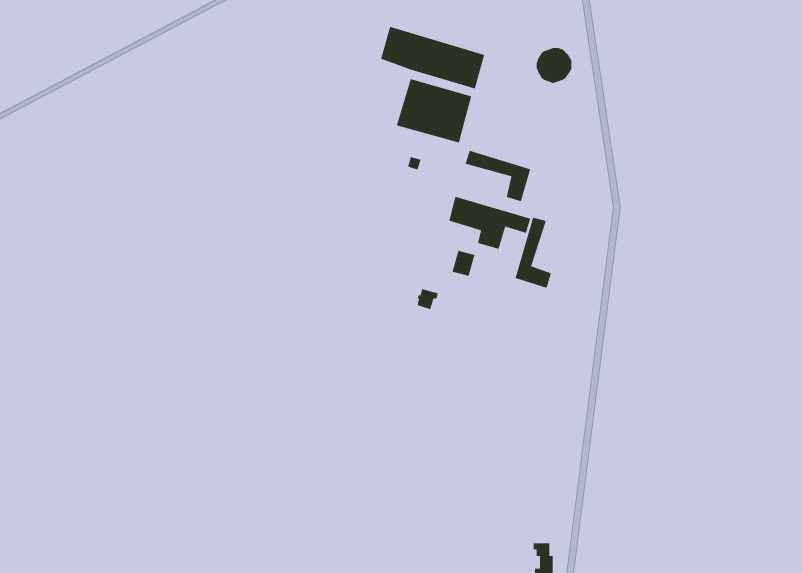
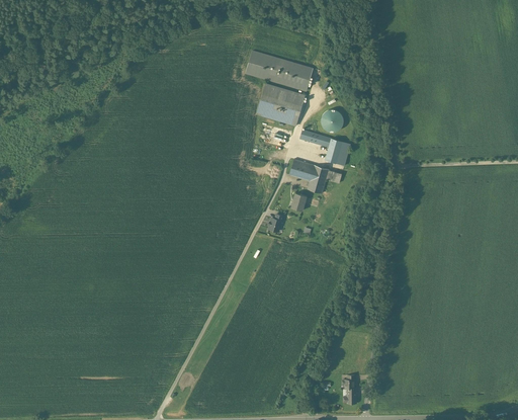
building: [536,47,572,84] -> [321,109,344,133]
building: [514,217,552,289] -> none

